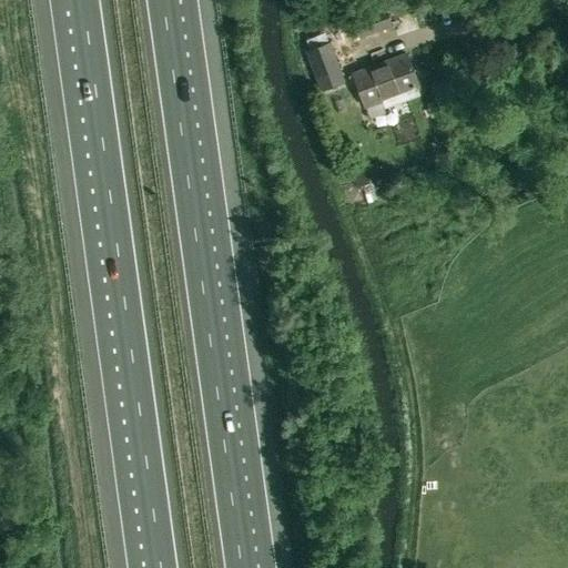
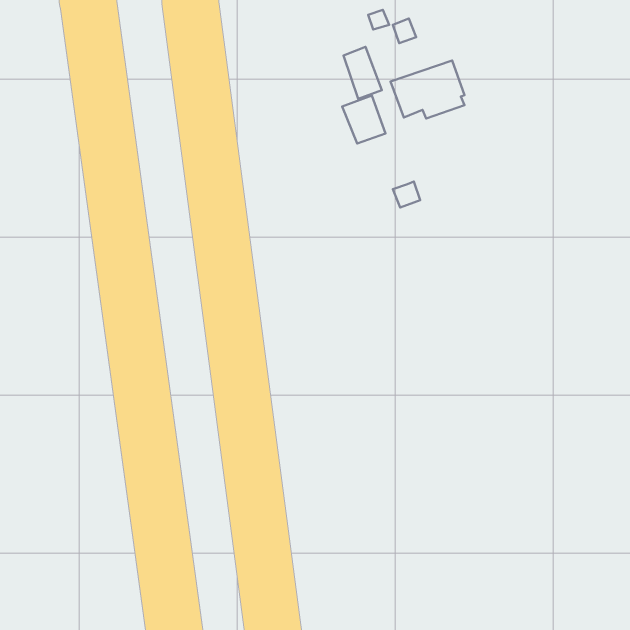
building: none -> [342,96,386,144]

